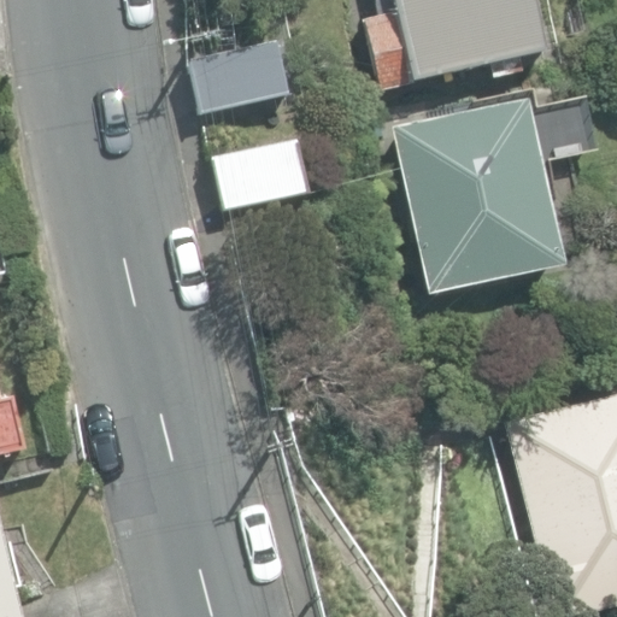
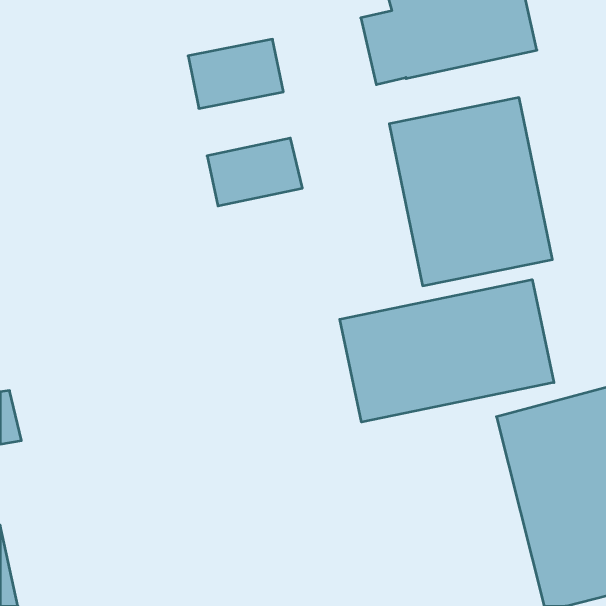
building: none -> [340,280,554,422]

